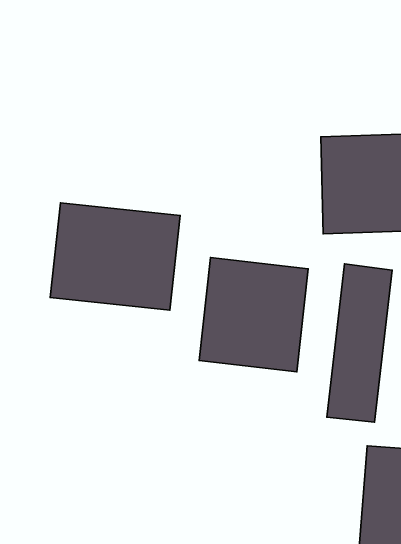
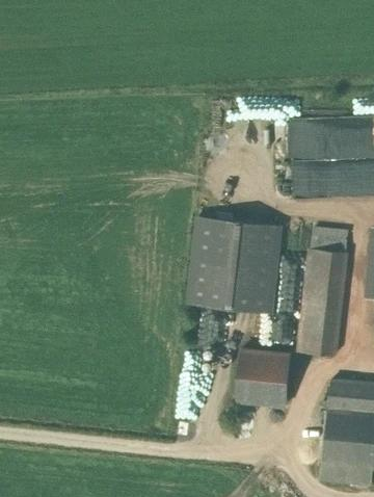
building: [50,203,180,310] -> none
building: none -> [233,347,290,408]

